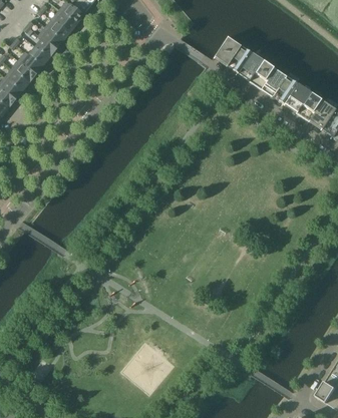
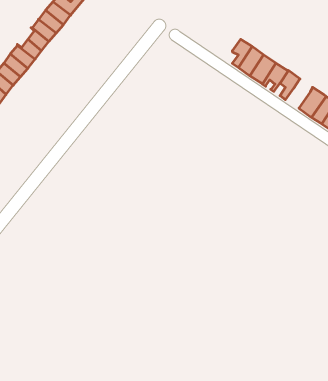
building: [213,36,240,65] -> none
building: [283,83,309,111] -> none

